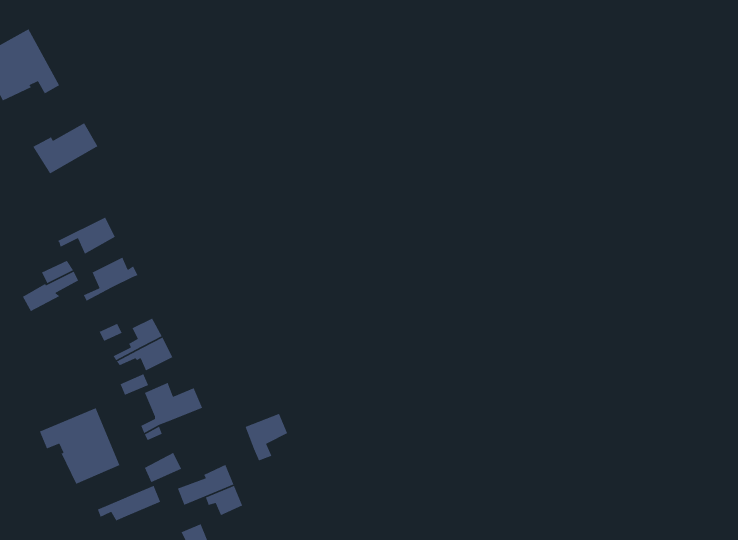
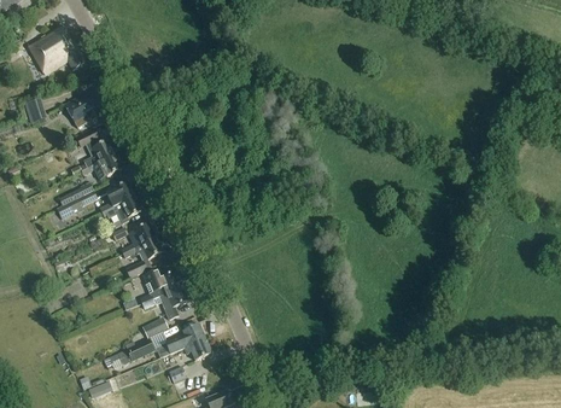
building: none -> [71,130,115,175]
building: none -> [101,194,141,225]
building: [39,407,121,485] -> none
building: [244,413,288,462] -> [158,286,188,320]

